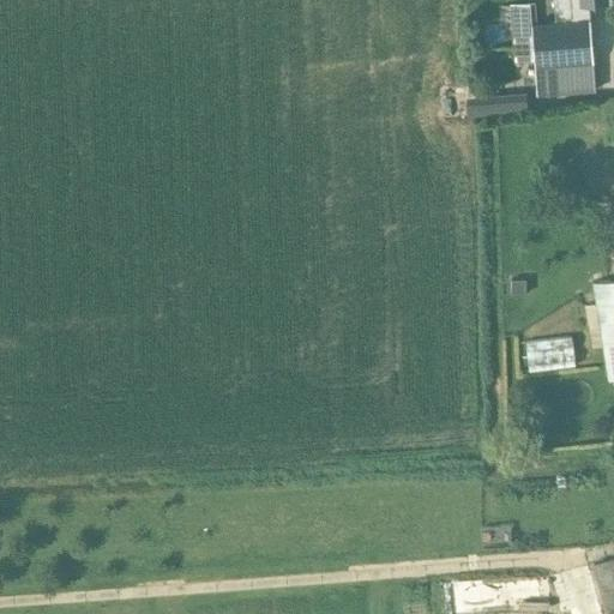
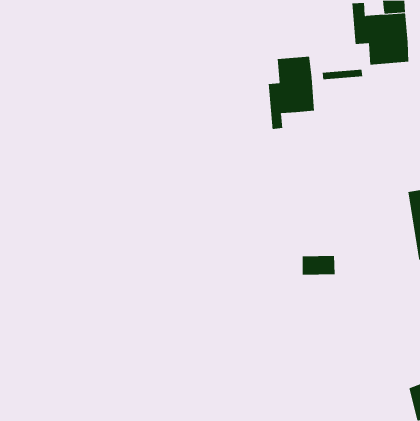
building: none -> [268,56,315,130]
building: [528,338,577,367] -> [302,255,336,275]

